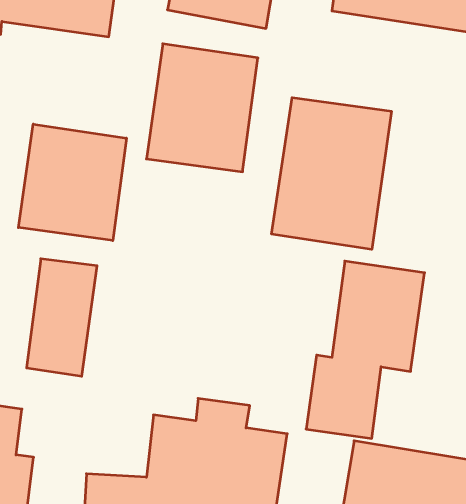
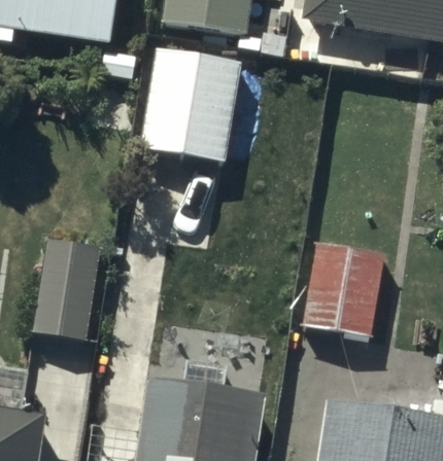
building: [272,98,391,249] -> none
building: [18,124,126,241] -> none

